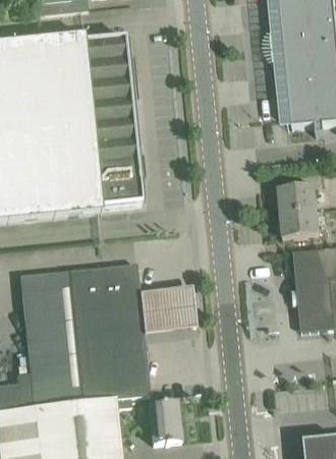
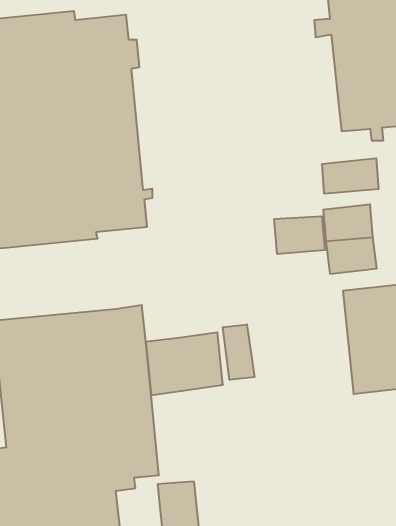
building: none -> [322,158,378,194]
building: none -> [274,216,325,254]
building: none -> [223,324,255,380]

